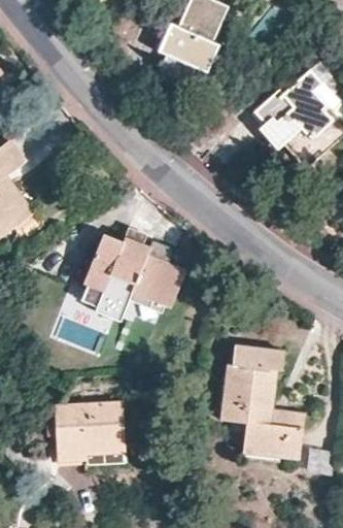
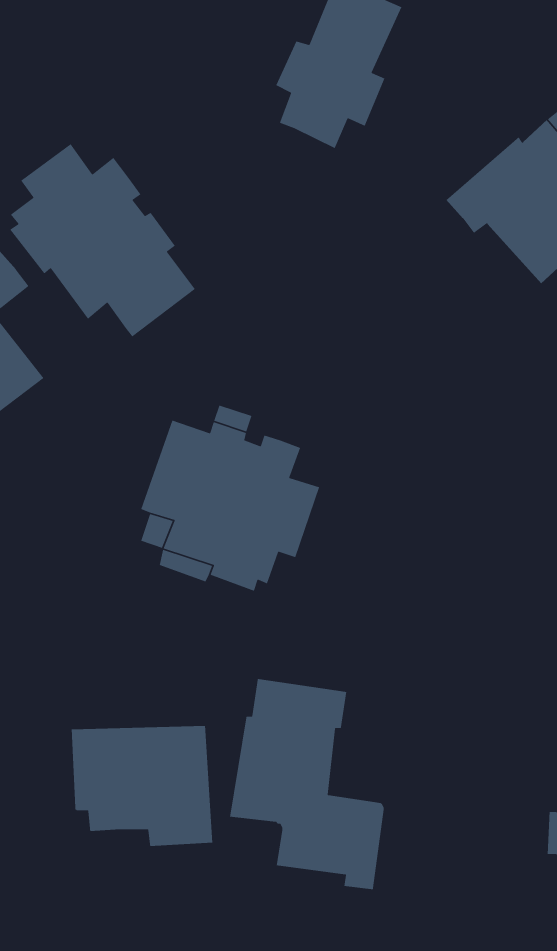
building: none -> [9,143,196,337]
building: [217,341,303,458] -> [229,678,385,890]

